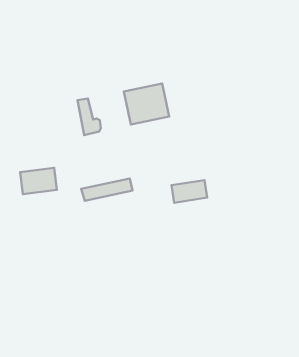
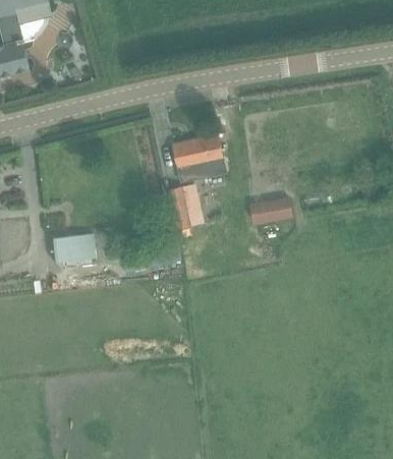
building: [77,98,101,135] -> [170,187,198,230]
building: [171,180,207,203] -> [252,197,294,224]

